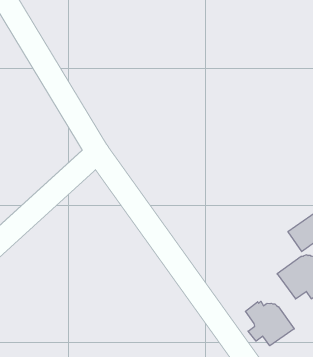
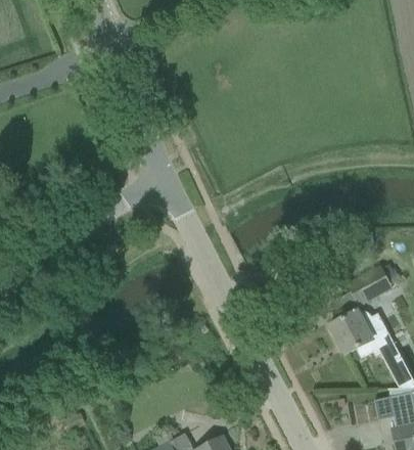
building: [245,301,294,346] -> none

